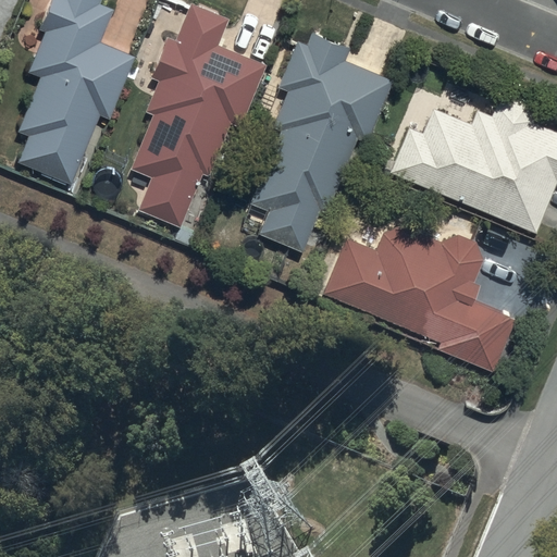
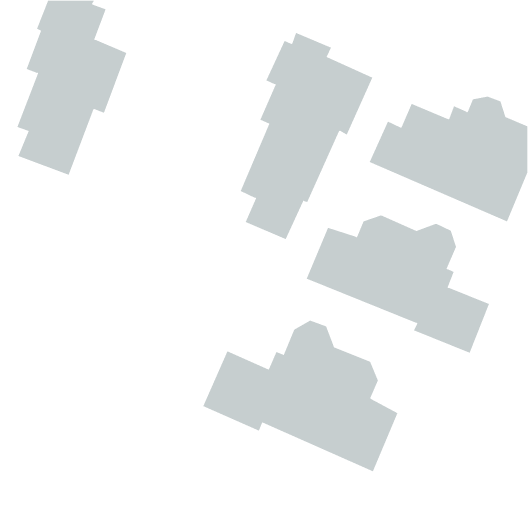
building: [132,5,267,225] -> none
building: none -> [202,320,398,472]

